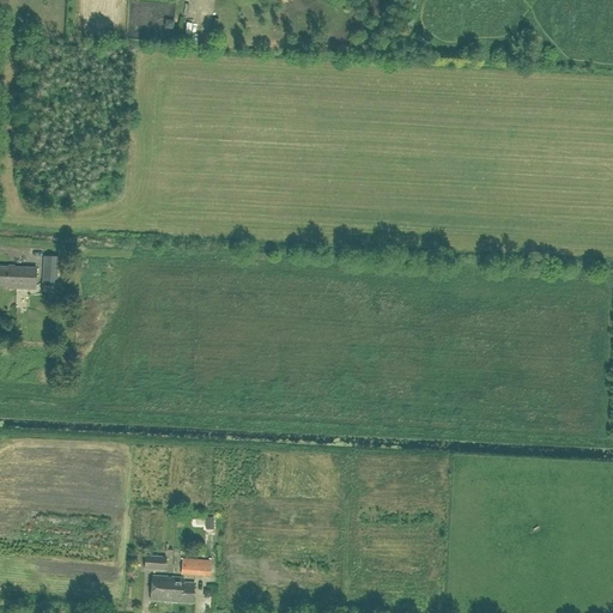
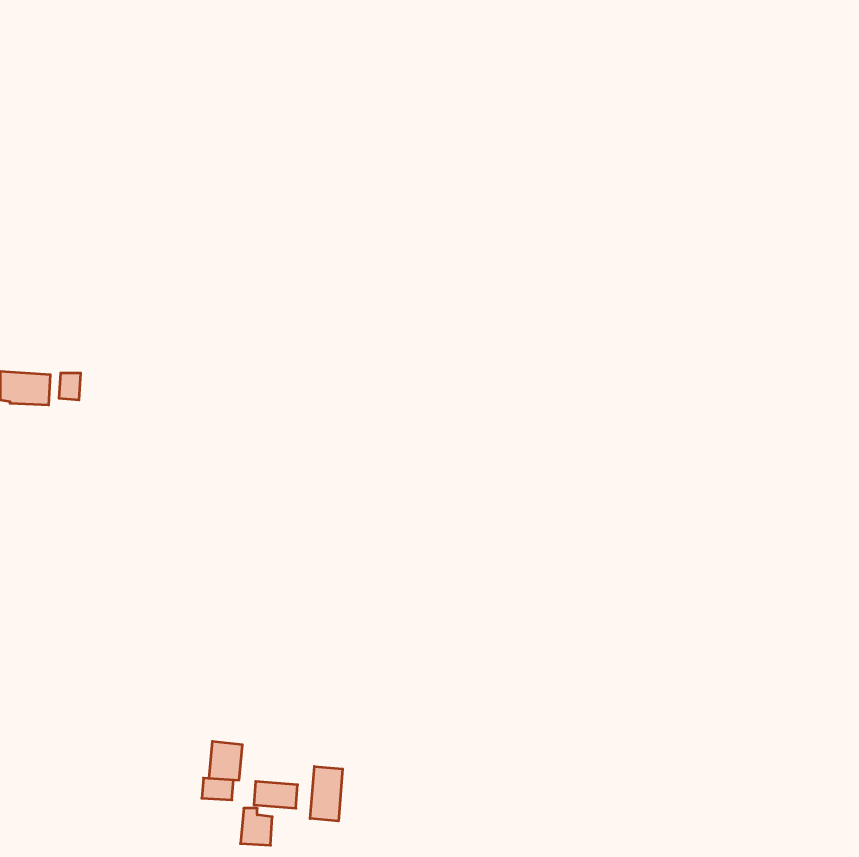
building: none -> [310,766,343,821]
building: [150,573,174,601] -> [209,741,242,780]

